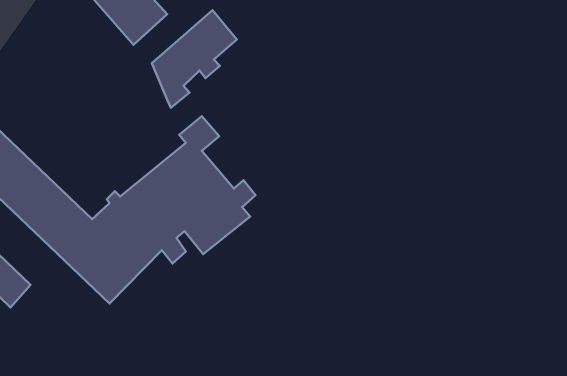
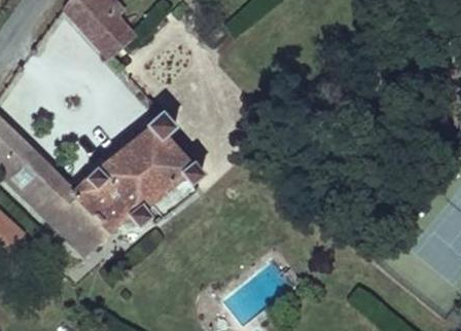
building: [152,10,237,108] -> none

